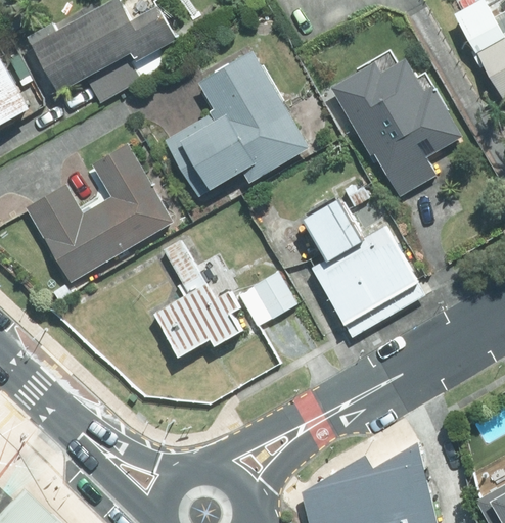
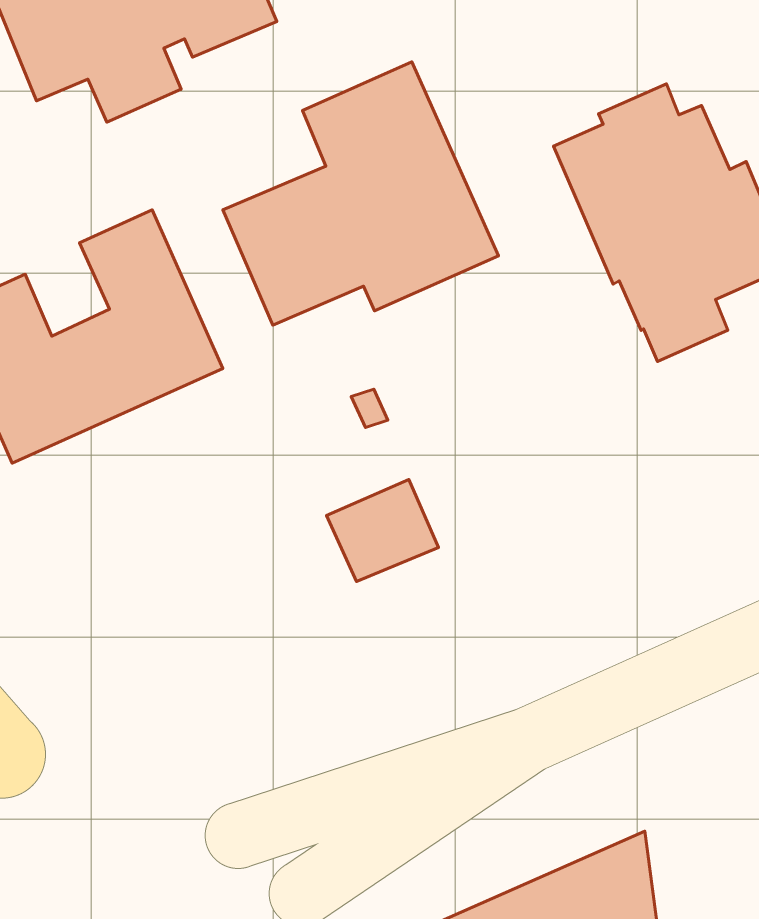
building: [297,183,415,324] -> none
building: [152,241,241,359] -> none

